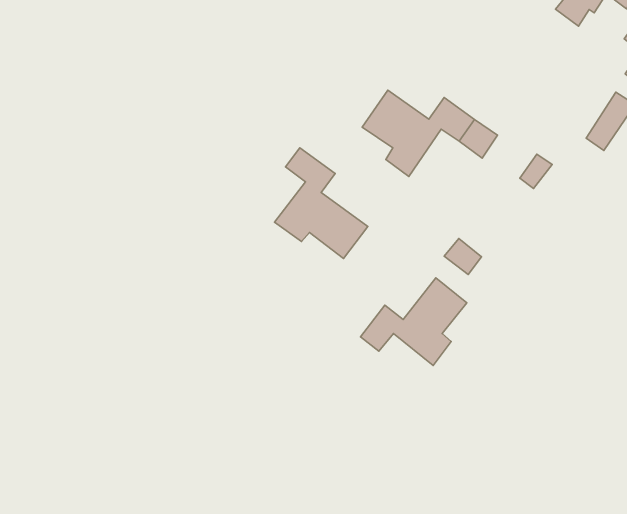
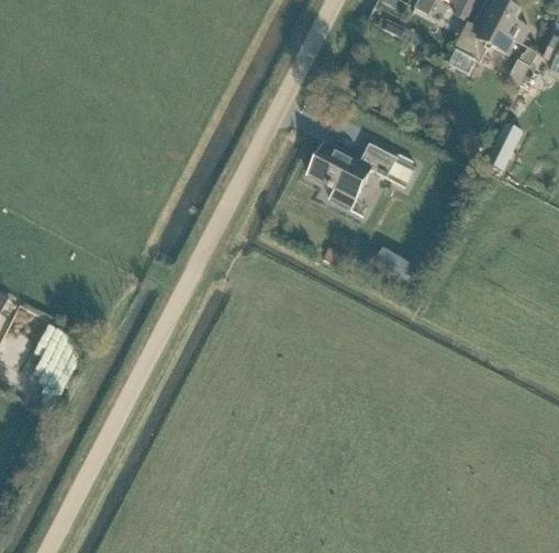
building: [275,148,368,258] -> none
building: [360,278,467,366] -> none

